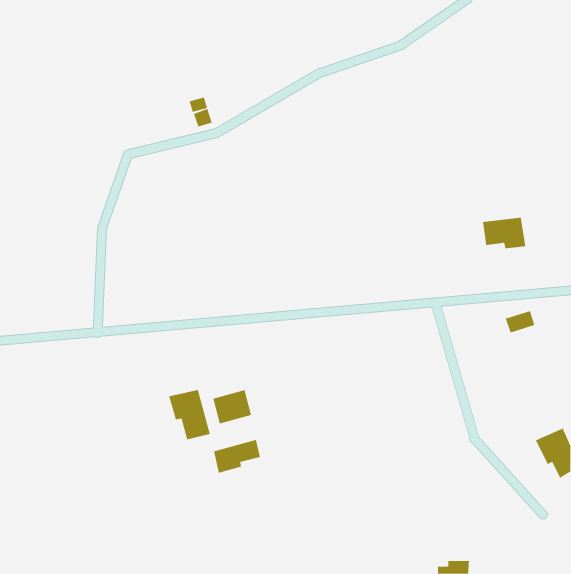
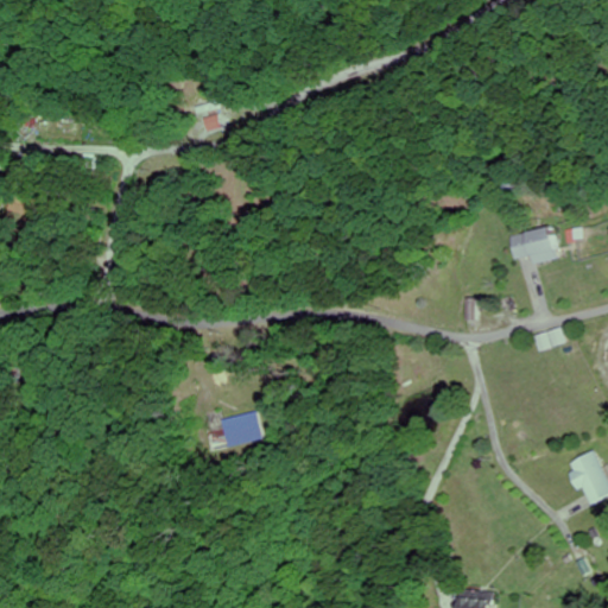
building: [169,389,211,440] -> none
building: [213,439,260,474] -> none

